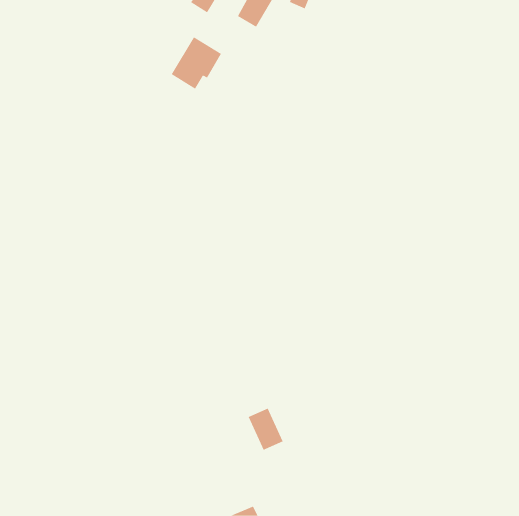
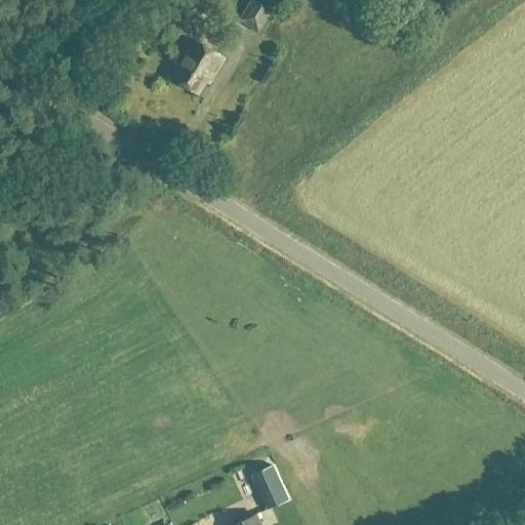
building: [248,408,284,451] -> [251,462,287,506]

